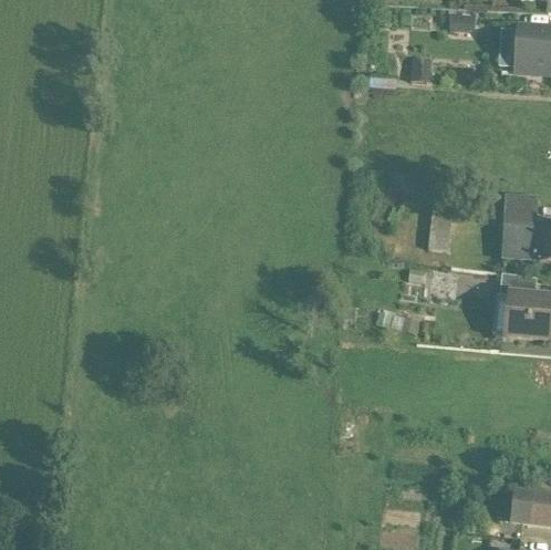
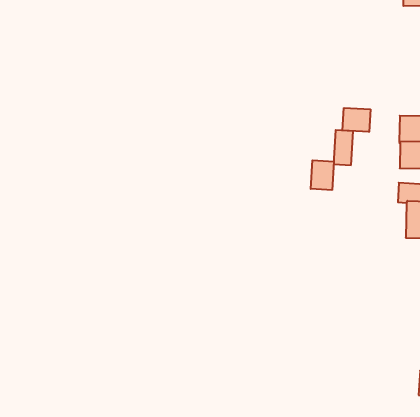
building: none -> [343,108,370,132]
building: none -> [311,160,334,190]

